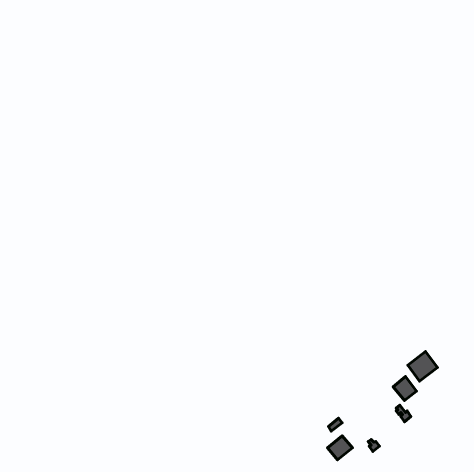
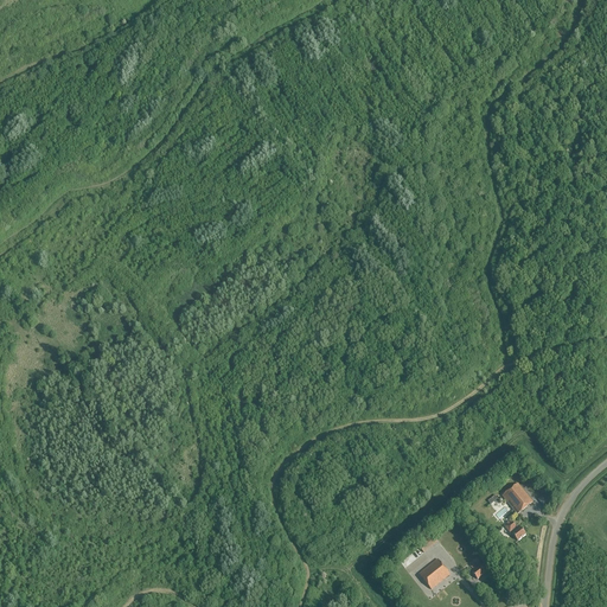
building: [408,351,437,381] -> none

